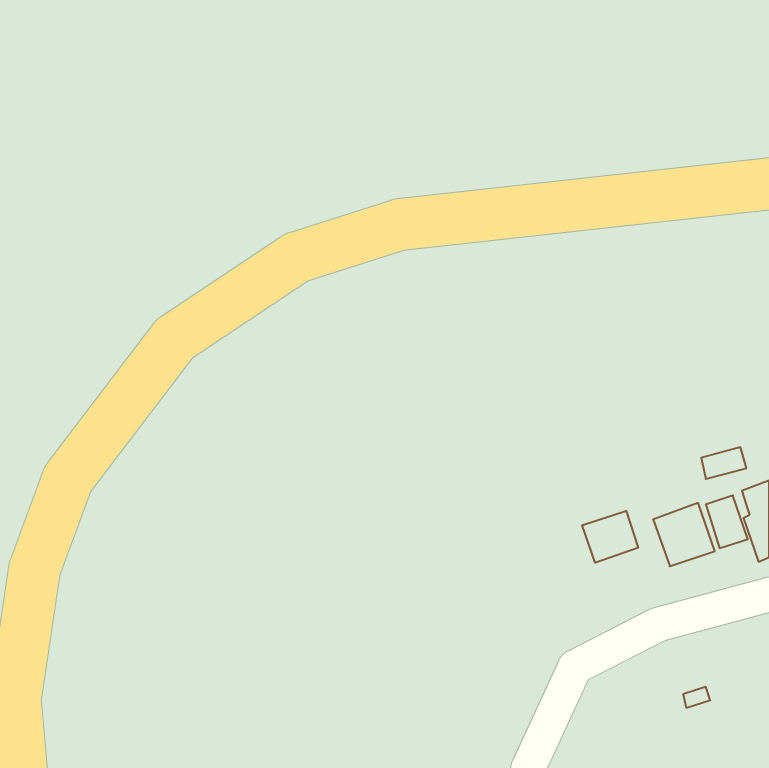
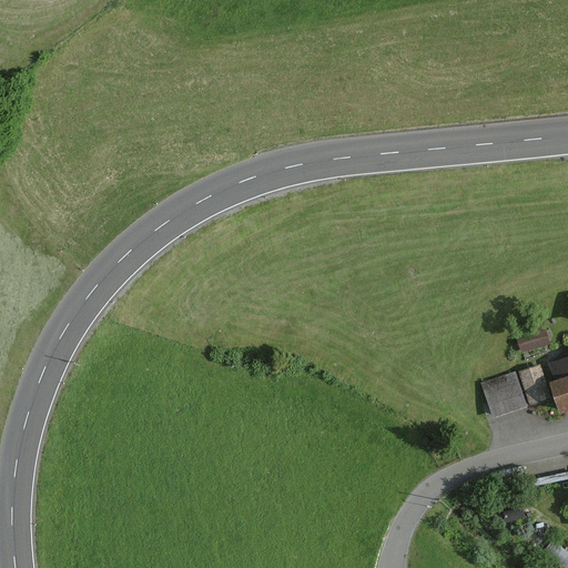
building: [582,511,638,563] -> none

